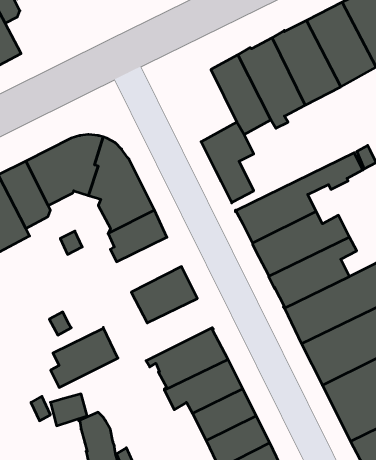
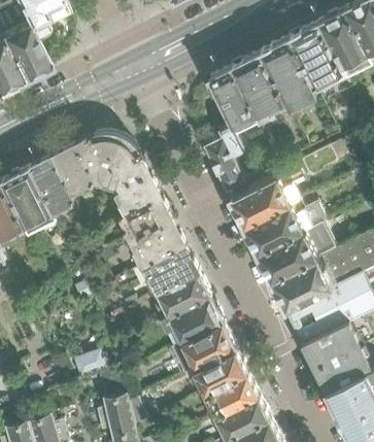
building: none -> [129,220,183,267]
building: [51,327,118,387] -> [152,271,209,321]

